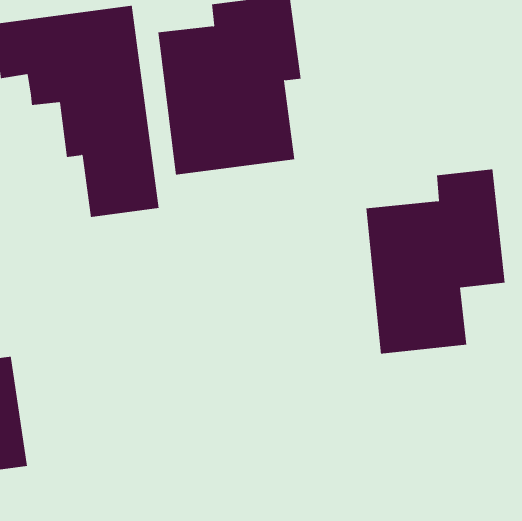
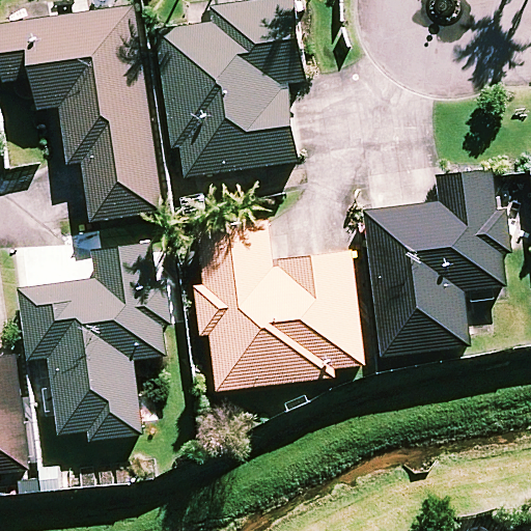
building: none -> [195,222,362,389]
building: none -> [18,243,167,438]

